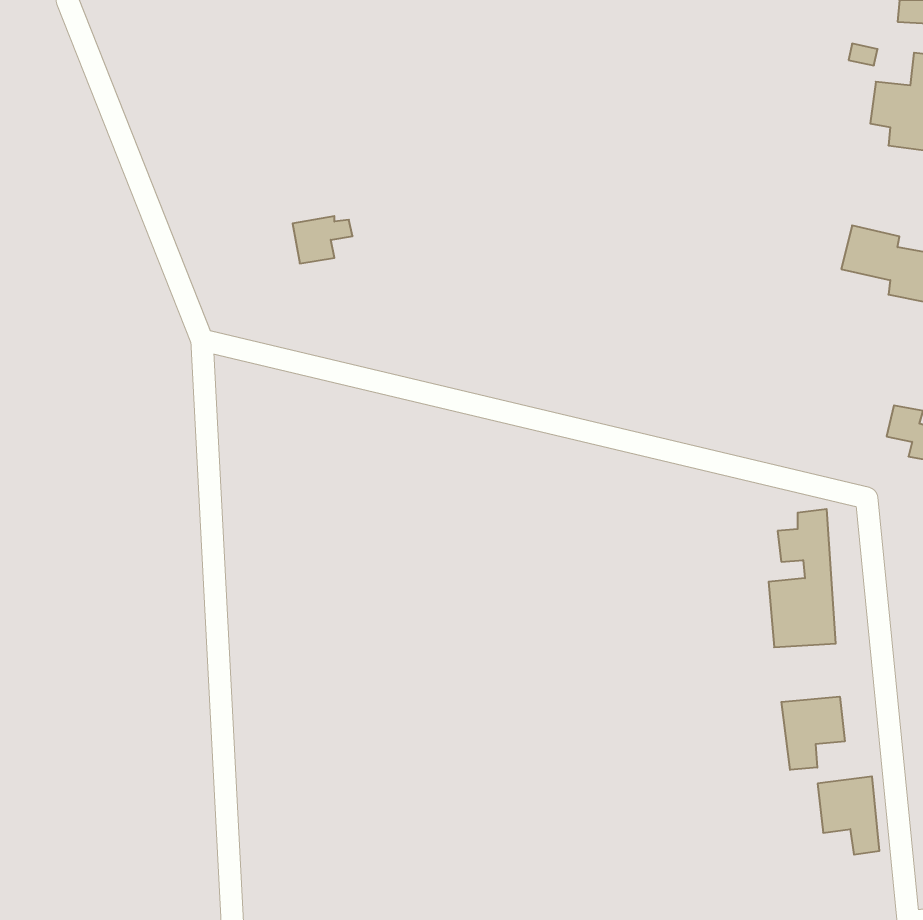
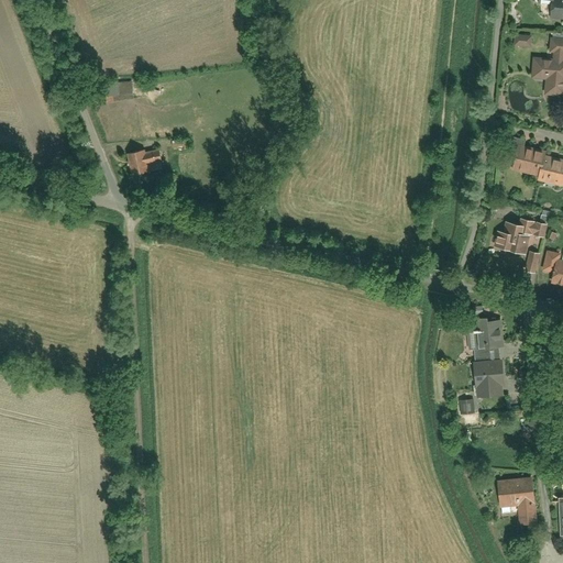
building: [293,216,353,263] -> [129,153,165,181]
building: none -> [492,214,549,273]
building: [781,697,845,770] -> none

